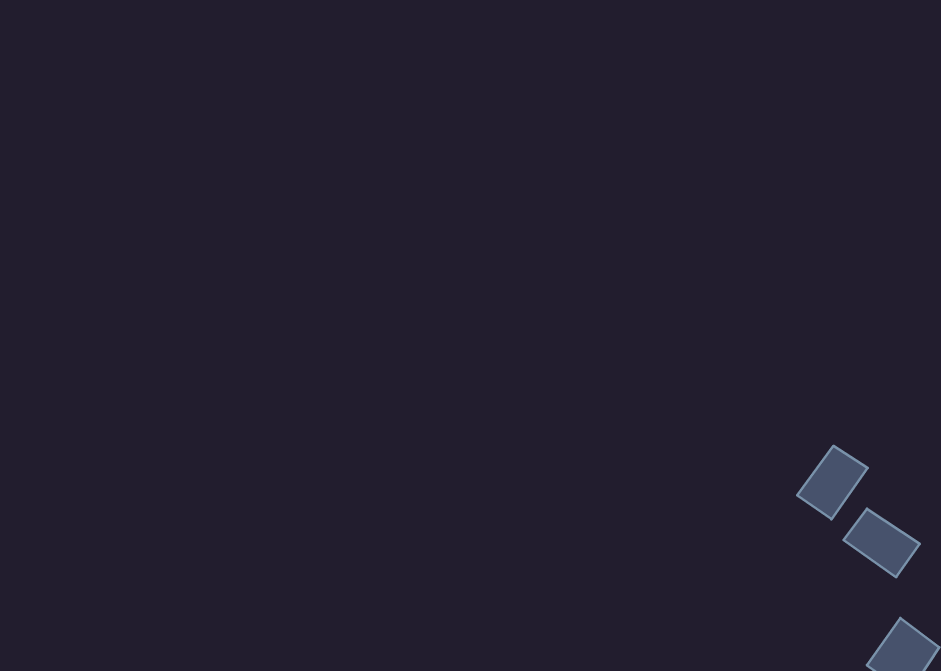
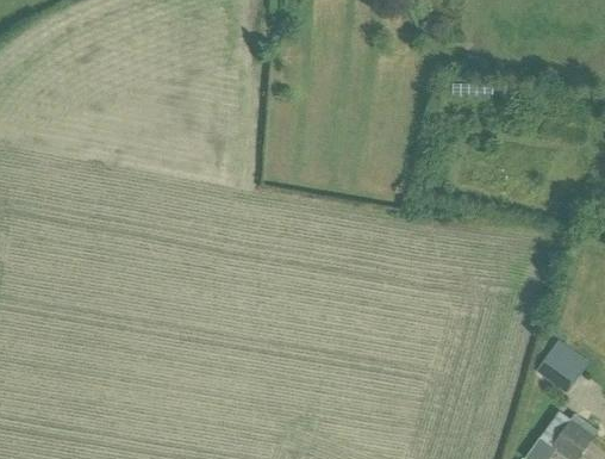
building: [797,446,868,519] -> none

